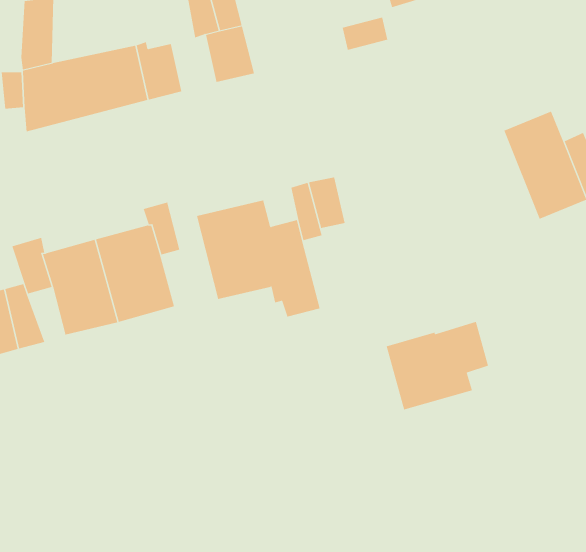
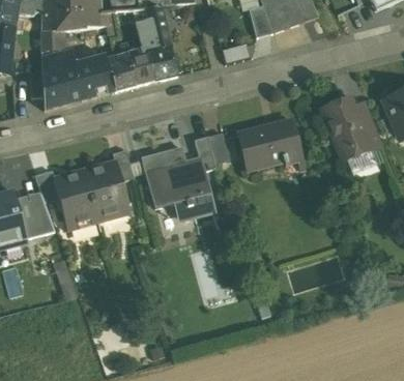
building: none -> [127,52,153,85]
building: [386,321,489,410] -> [236,120,296,172]

